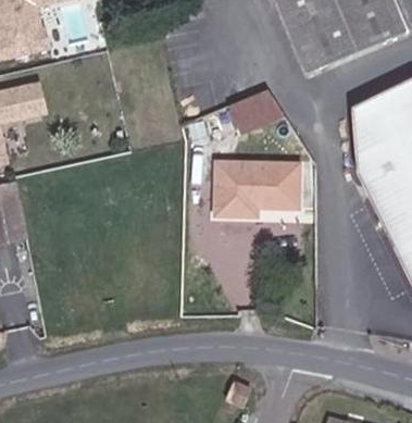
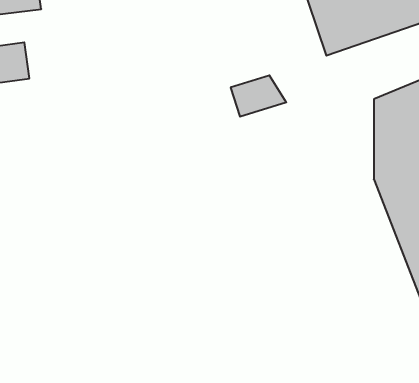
building: [217,163,301,216] -> none

